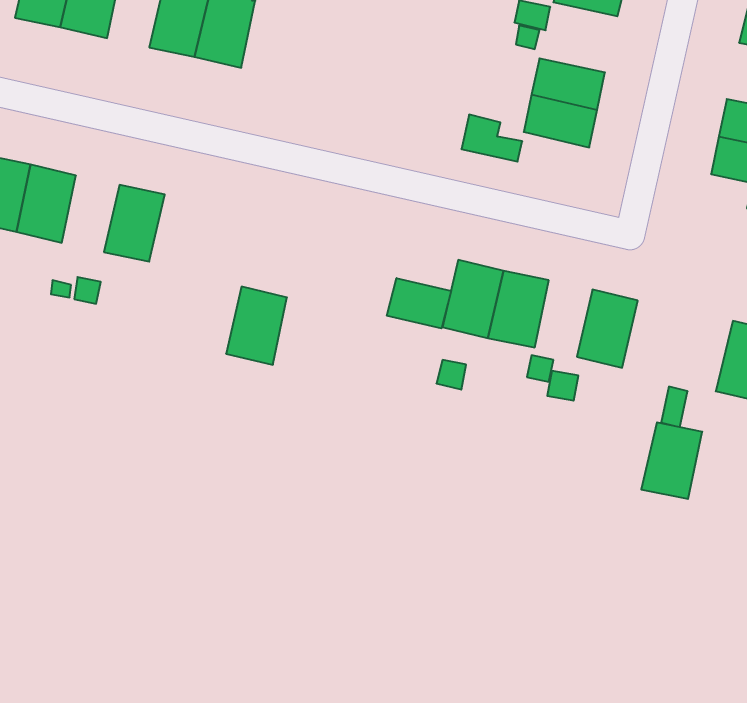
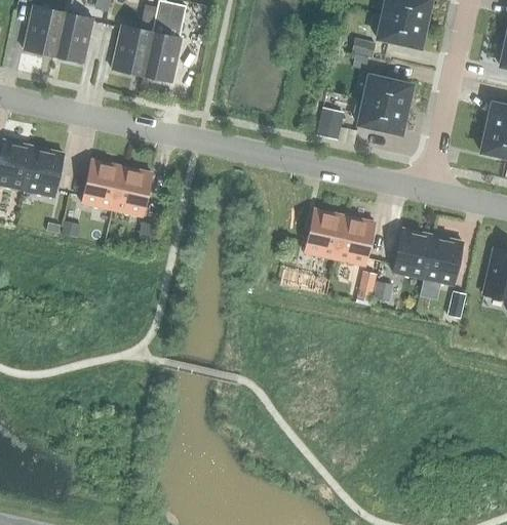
building: [387,278,451,328] -> none
building: [226,287,287,365] -> [112,165,152,216]
building: [641,422,702,499] -> [423,235,463,285]

